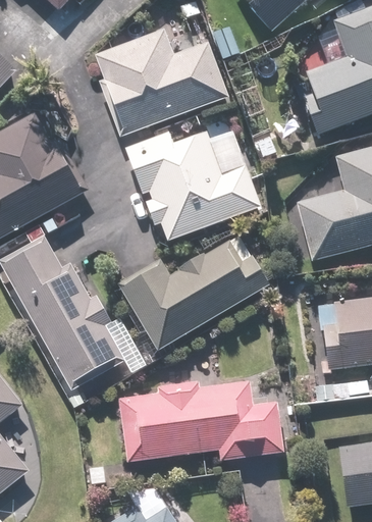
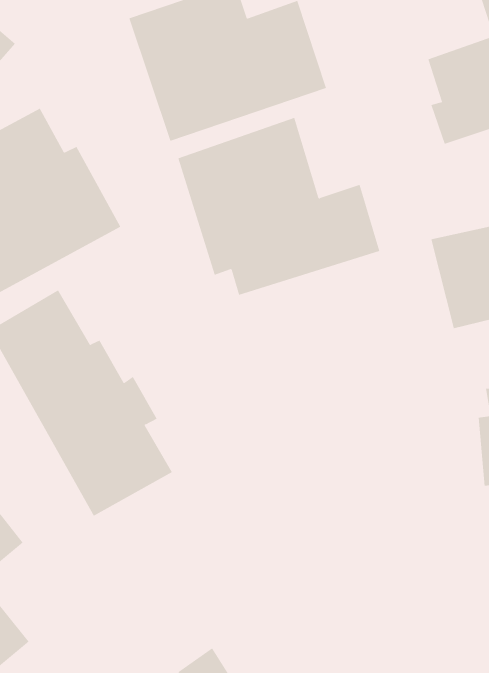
building: [117,234,269,351] -> none
building: [118,379,287,462] -> none

